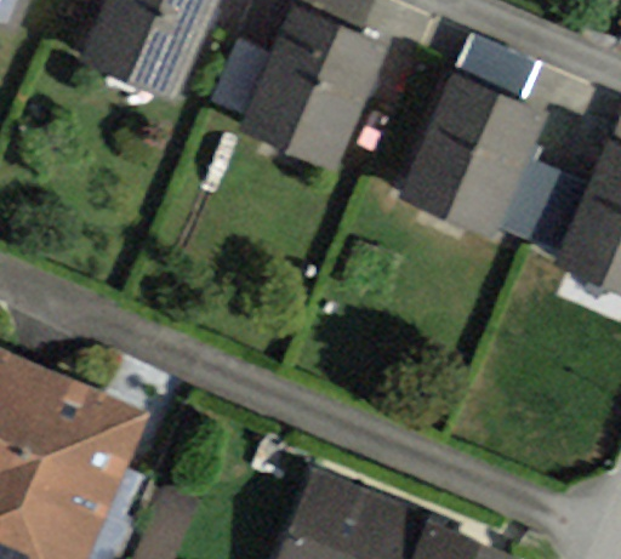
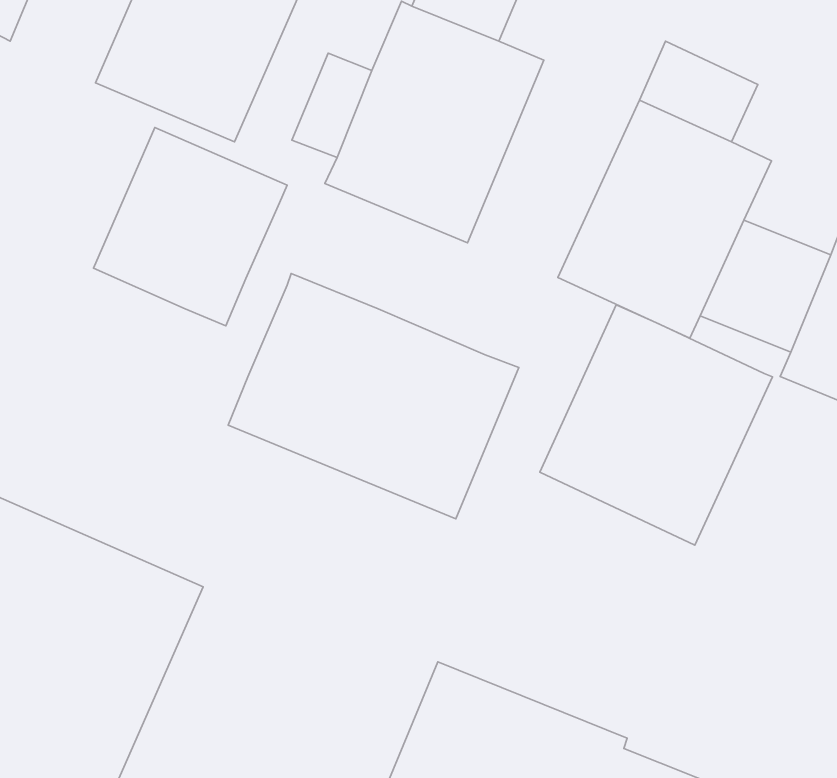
building: none -> [94,127,287,326]
building: none -> [228,274,519,519]
building: none -> [540,305,772,545]

